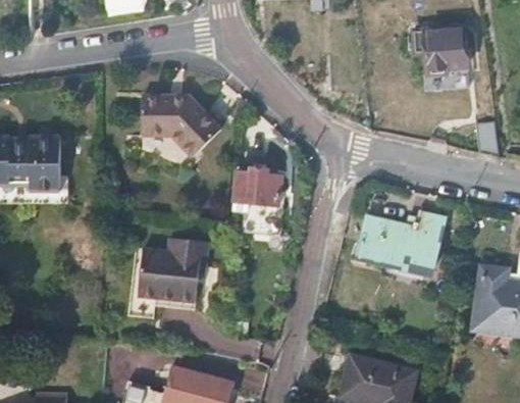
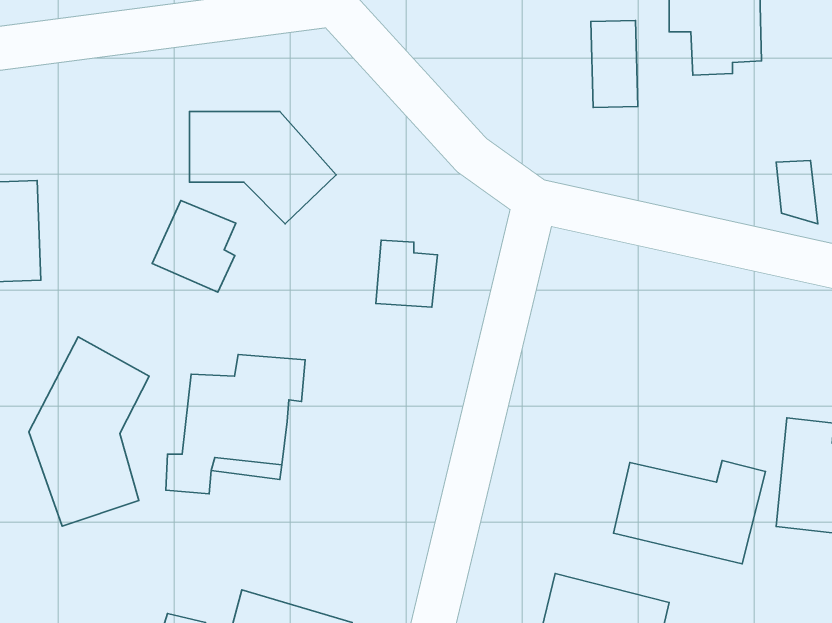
building: none -> [591,20,638,108]
building: none -> [152,201,236,292]
building: [355,214,440,272] -> [613,461,766,564]
building: none -> [29,337,149,526]

